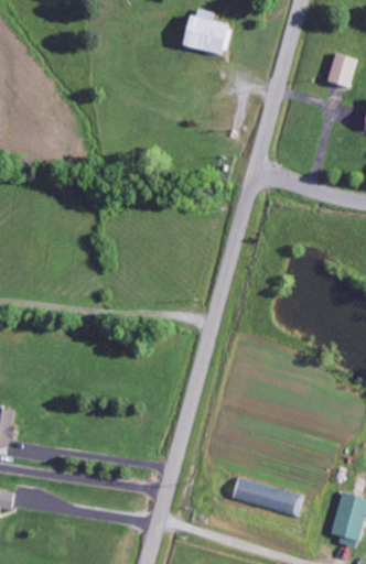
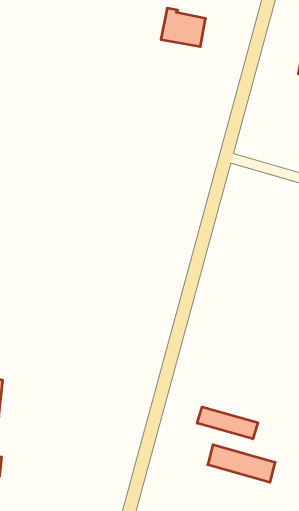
building: none -> [197,407,258,439]

